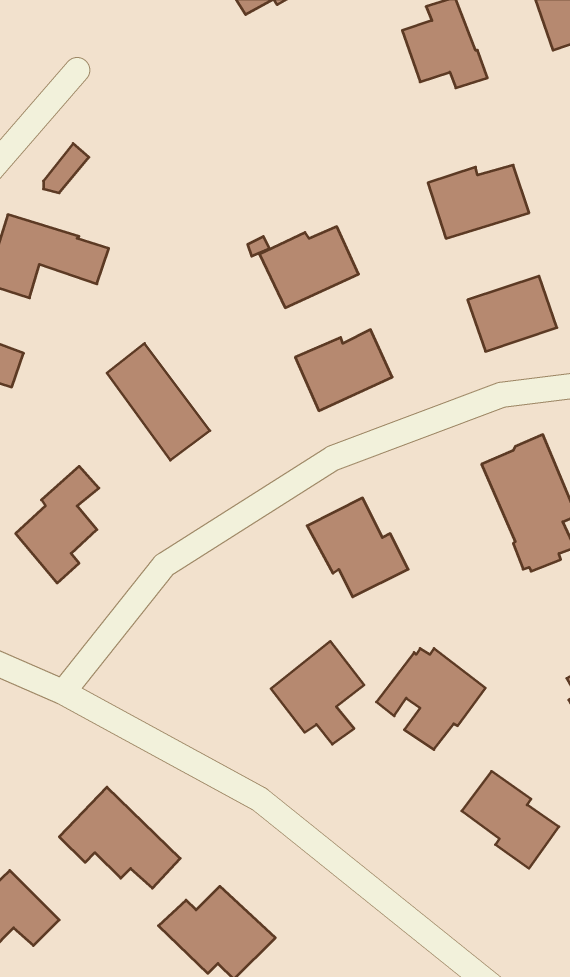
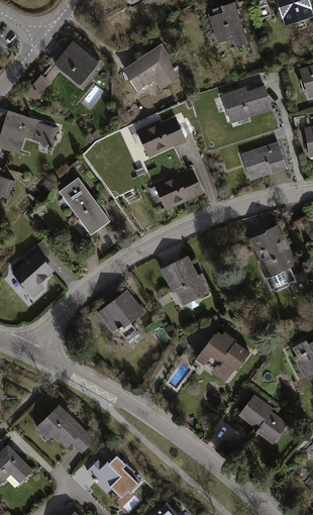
building: none -> [53,40,103,89]
building: none -> [122,43,182,92]
building: [271,641,364,744] -> [96,290,143,342]

